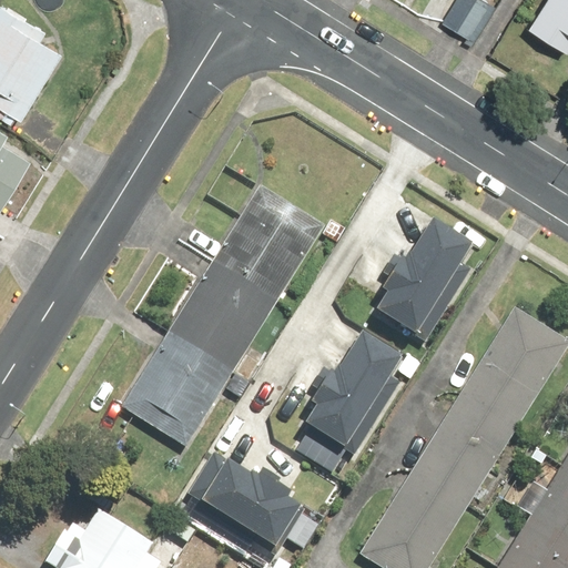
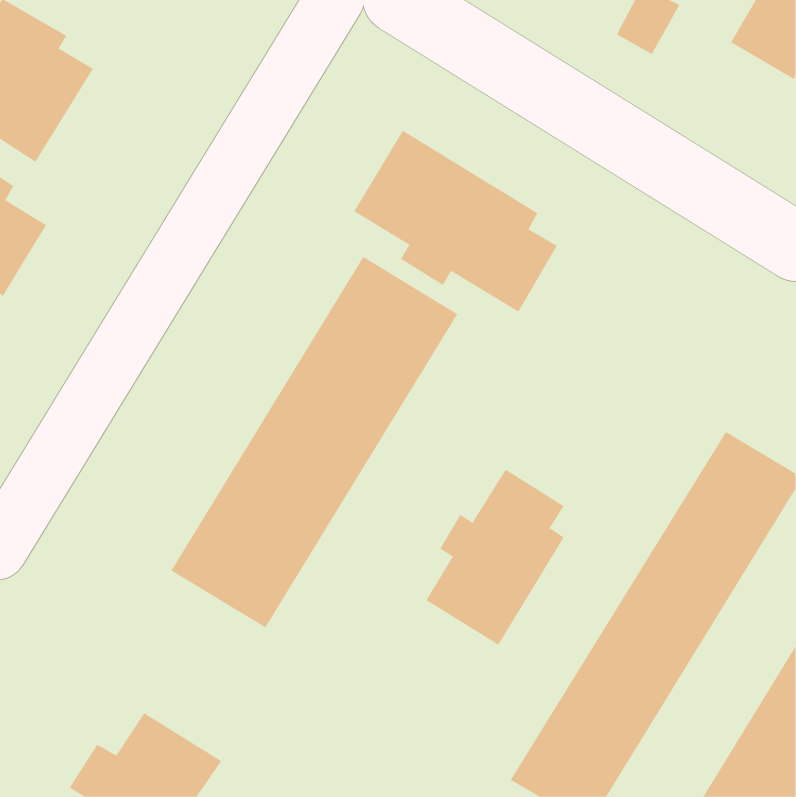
building: none -> [354,130,558,312]
building: [372,222,470,346] -> none
building: [197,460,302,551] -> none

